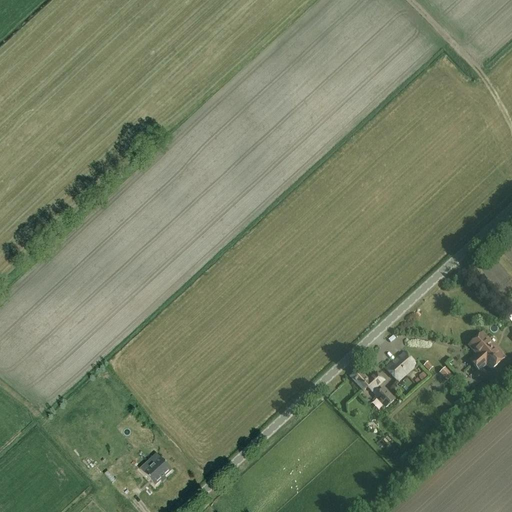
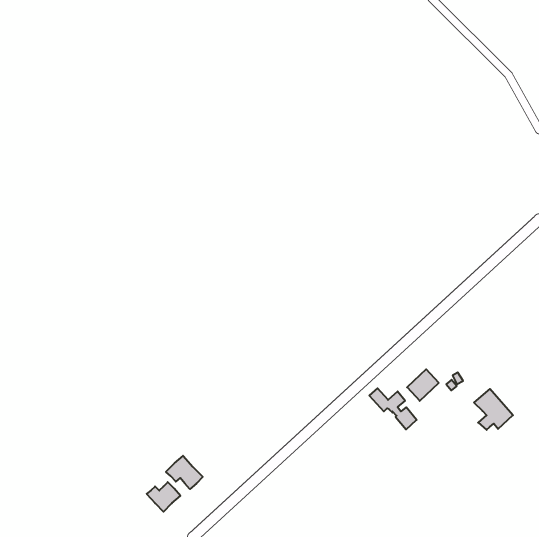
building: [468,331,505,370] -> [474,389,513,430]
building: none -> [166,456,203,489]

